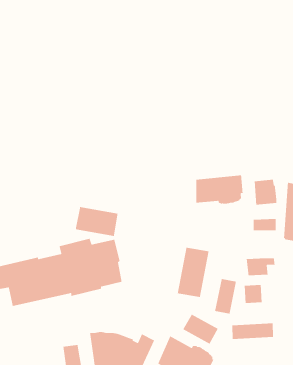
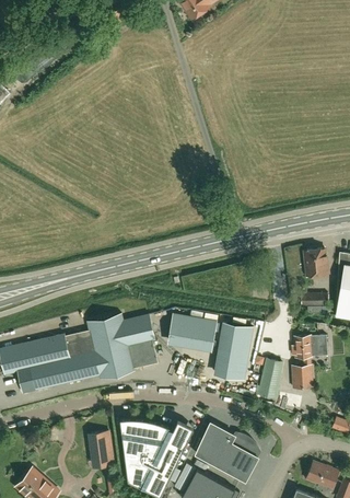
building: [195,175,244,205] -> none
building: [75,206,119,237] -> [167,314,215,348]
building: [182,314,219,345] -> none
building: [232,323,274,340] -> none

